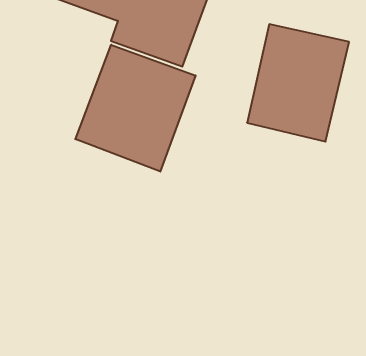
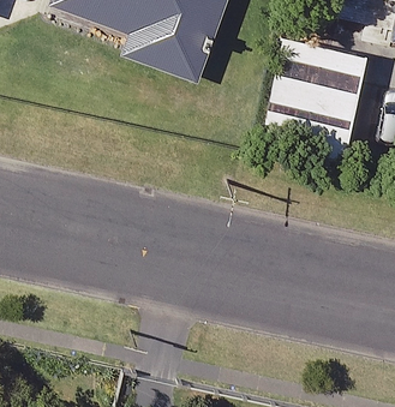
building: [75,45,196,172] -> none

